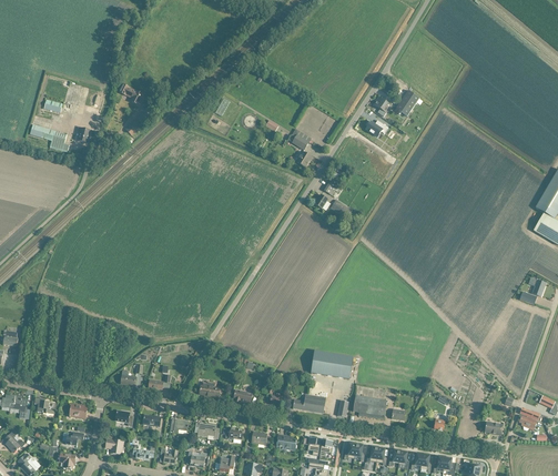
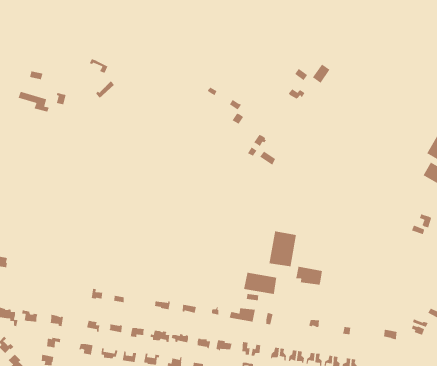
building: none -> [269,230,297,267]
building: [352,394,386,418] -> [295,266,323,286]

